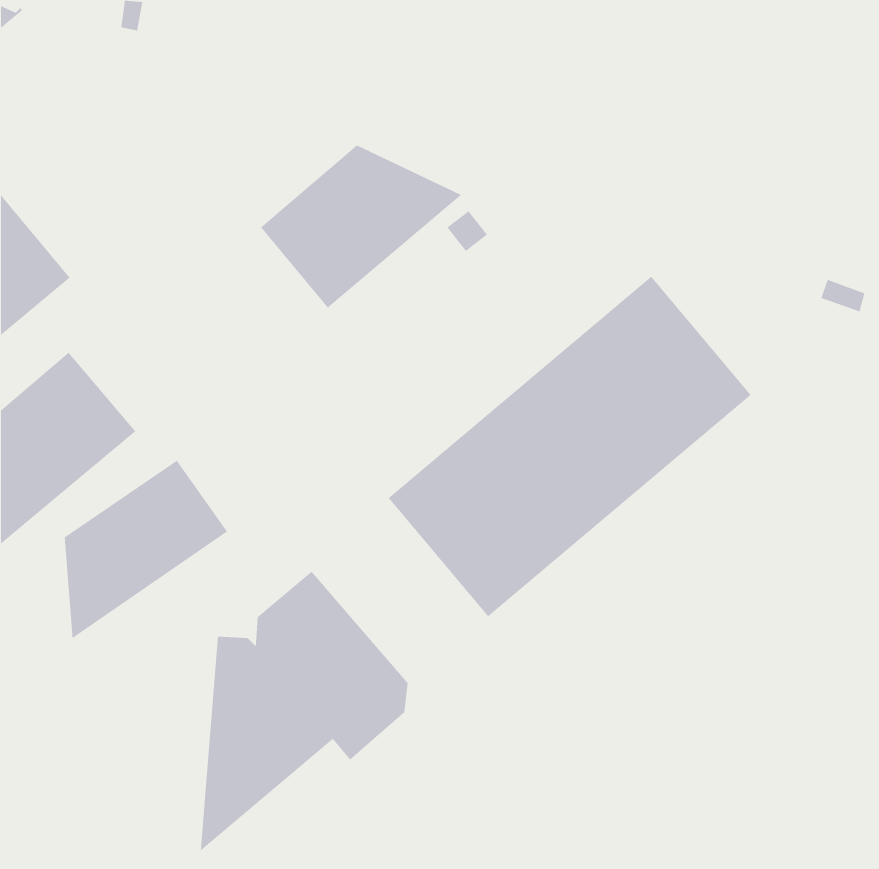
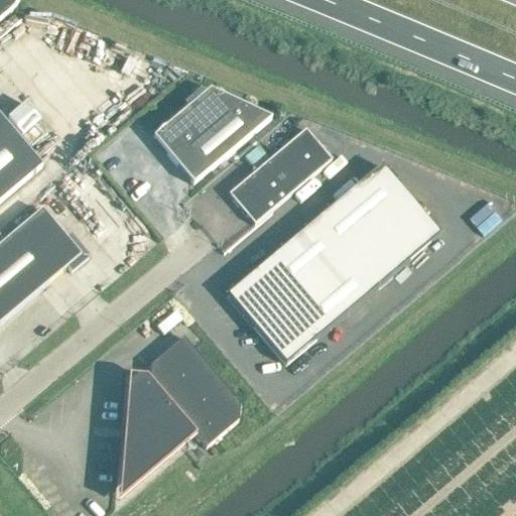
building: none -> [228,125,332,221]
building: [64,460,228,639] -> none

